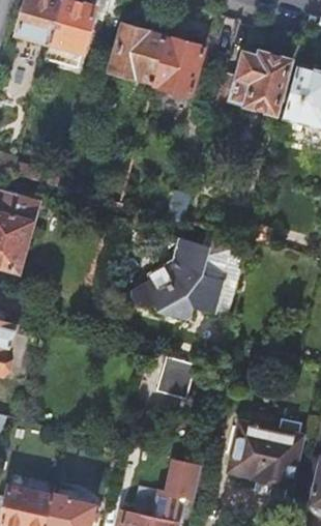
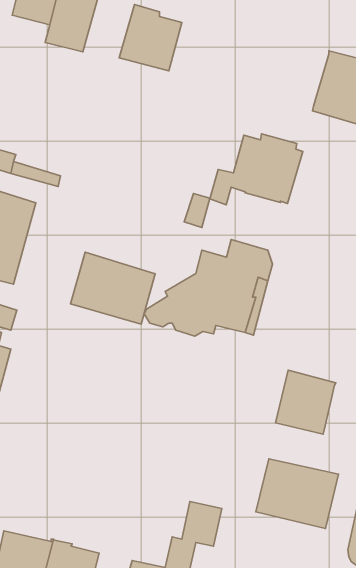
building: [152,39,202,95] -> none
building: [212,52,294,114] -> [210,134,303,205]
building: none -> [70,252,155,324]
building: none -> [276,370,336,434]
building: [153,354,189,389] -> none

